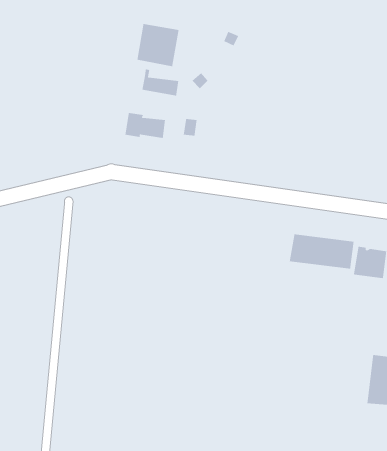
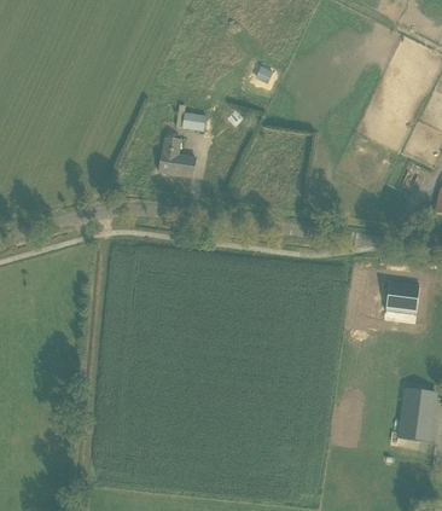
building: [137,23,180,67] -> none
building: [289,233,355,270] -> none

